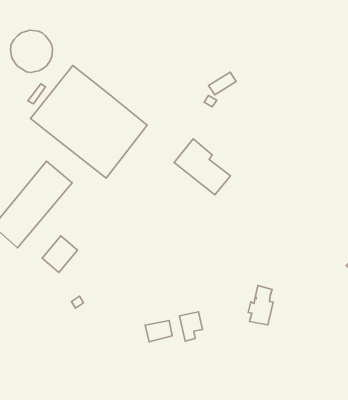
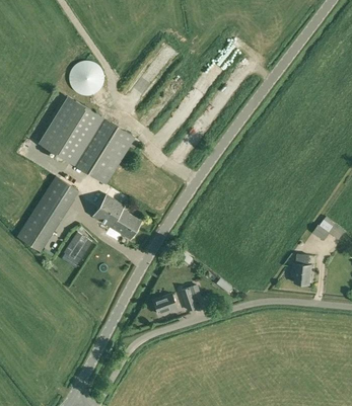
building: [10,30,53,72] -> [68,61,102,95]
building: [174,139,231,195] -> [92,194,140,238]
building: [248,285,273,325] -> [291,252,310,283]

